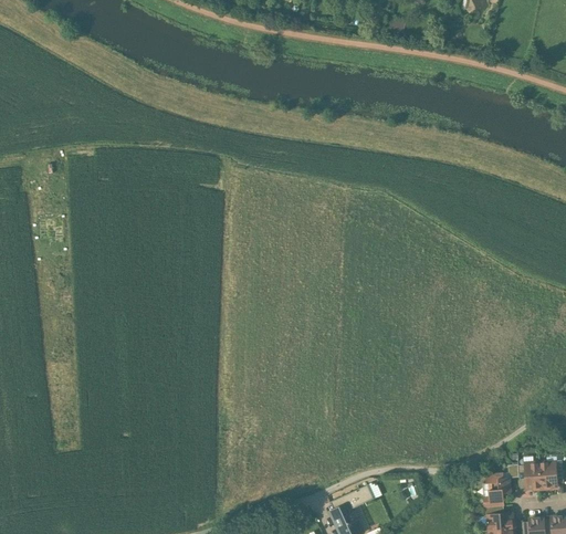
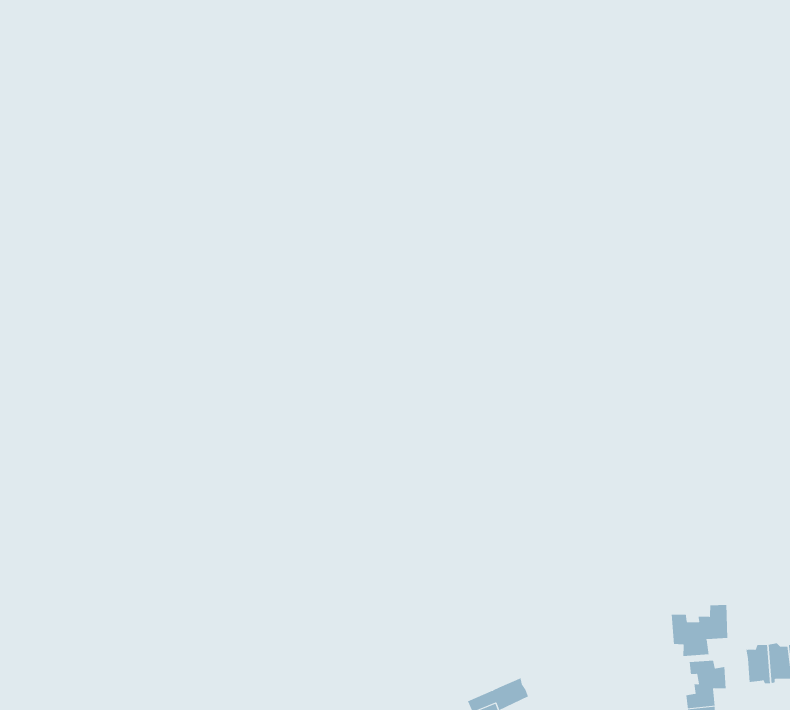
building: none -> [671,604,728,657]

